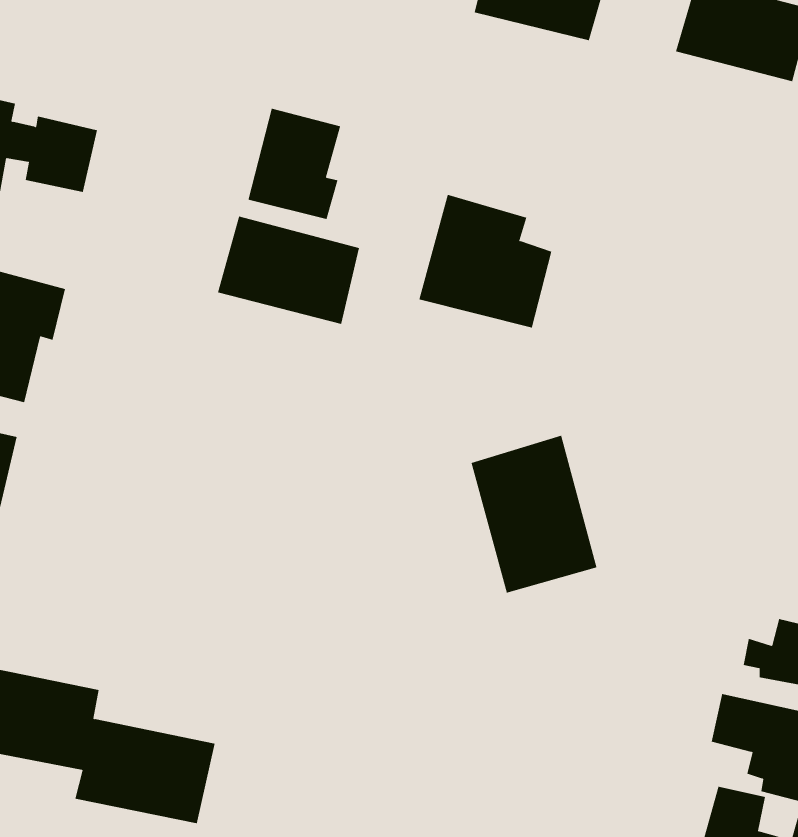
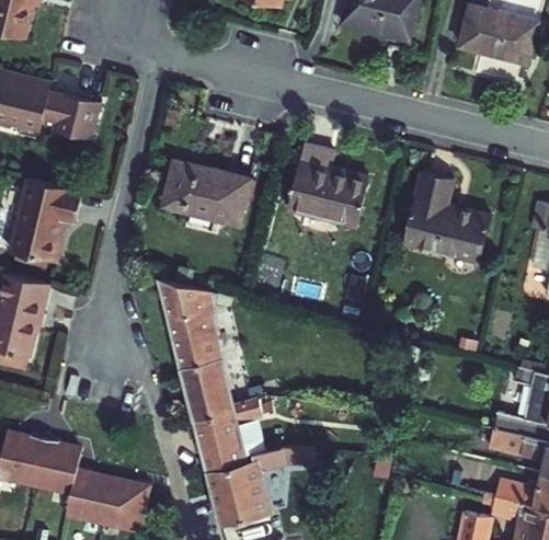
building: [248,108,341,220] -> none
building: none -> [408,170,491,260]
building: none -> [160,274,328,520]
building: [471,435,597,593] -> none

